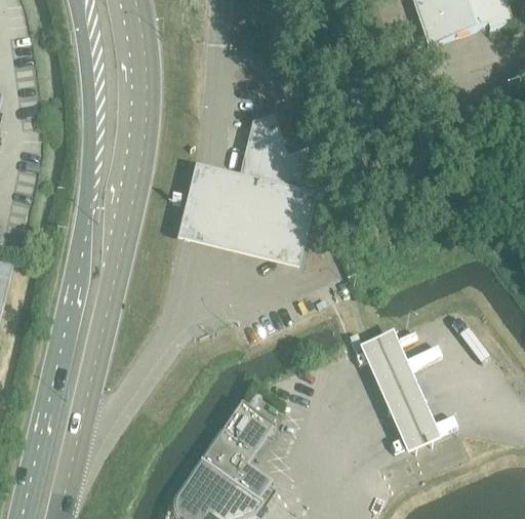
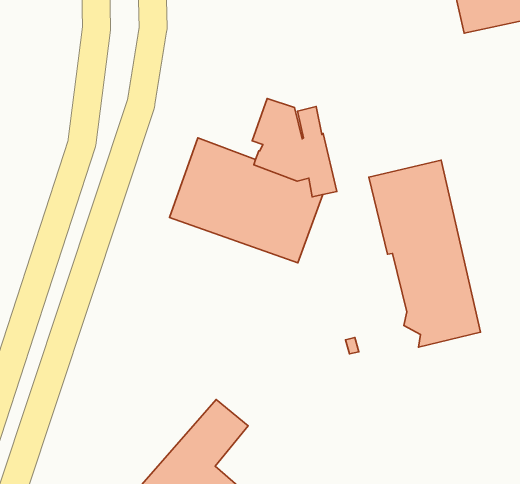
building: none -> [369,160,481,347]
building: [361,331,443,454] -> none

